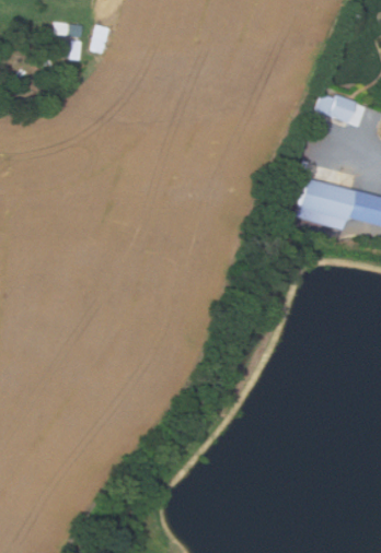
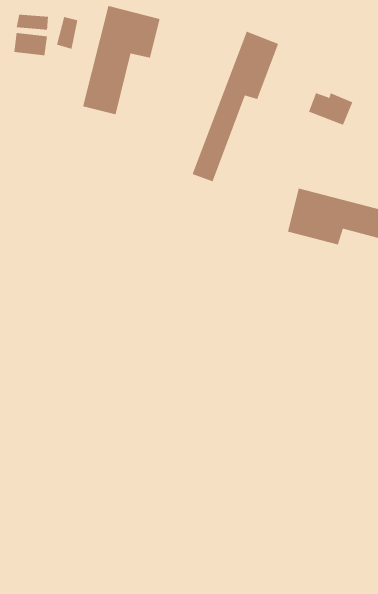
building: none -> [83,5,160,115]
building: none -> [192,31,279,182]

